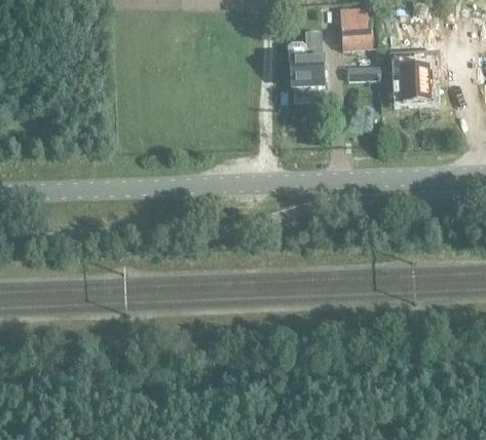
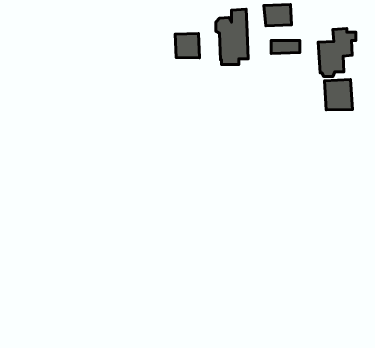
building: none -> [175,34,199,58]
building: none -> [325,80,352,110]

